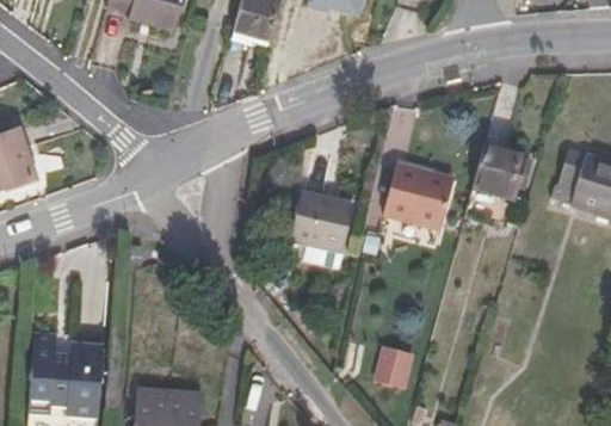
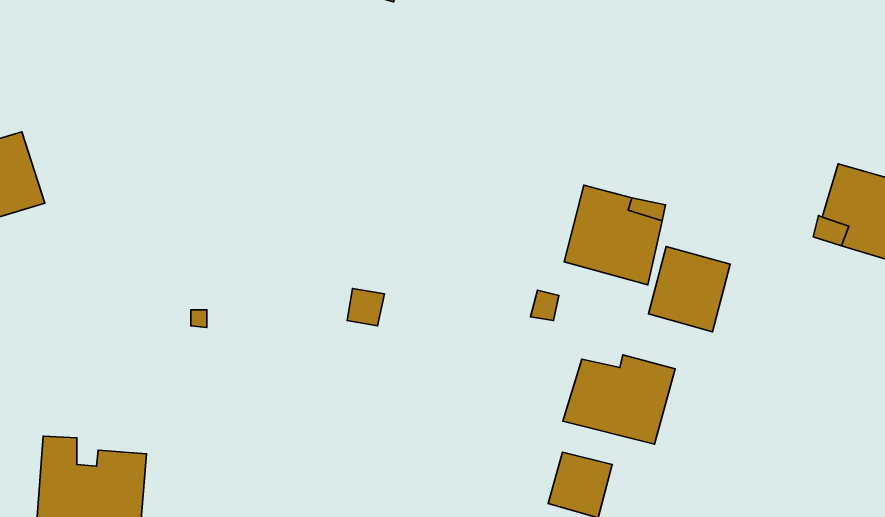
building: [473,143,527,200] -> [648,246,730,332]
building: [291,191,353,252] -> none
building: none -> [563,355,675,444]

